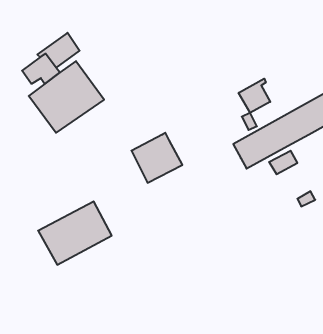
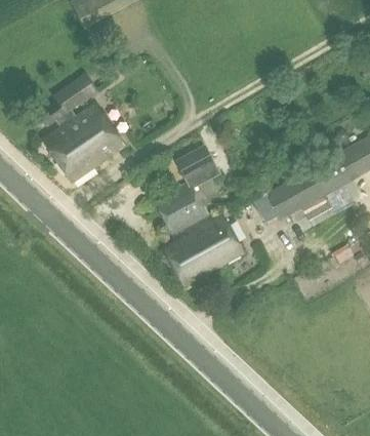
building: [239,79,270,113] -> none
building: none -> [176,146,214,186]
building: [38,201,112,265] -> [164,215,244,284]

